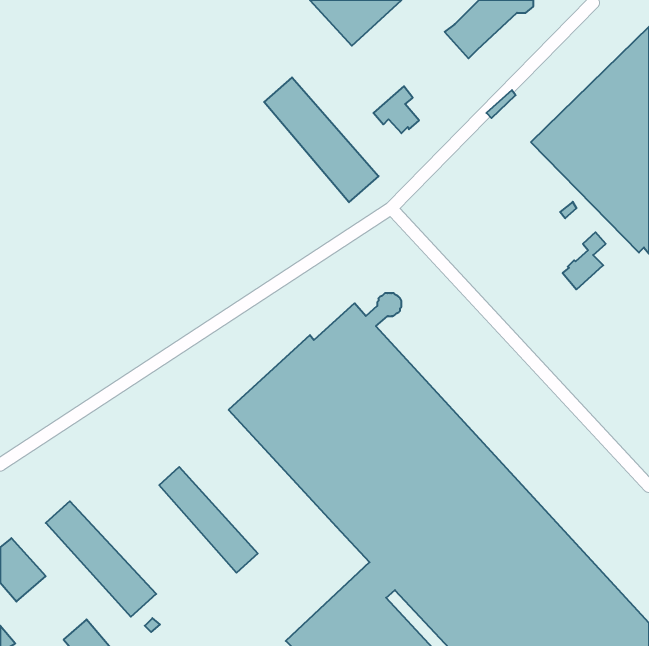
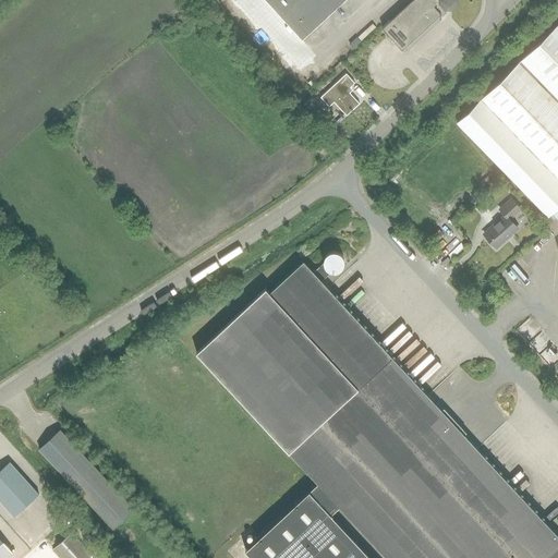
building: [264,77,379,202] -> none
building: [159,467,258,573] -> none

